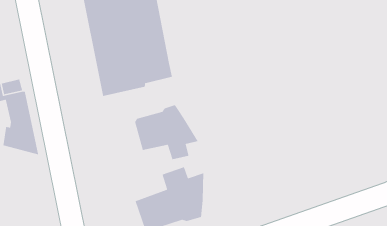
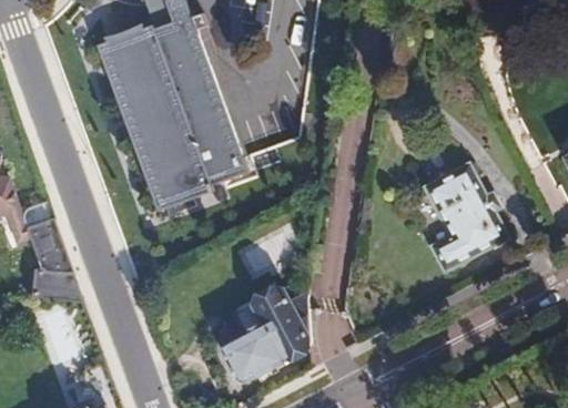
building: none -> [426,163,507,268]
building: [134,104,199,160] -> none

